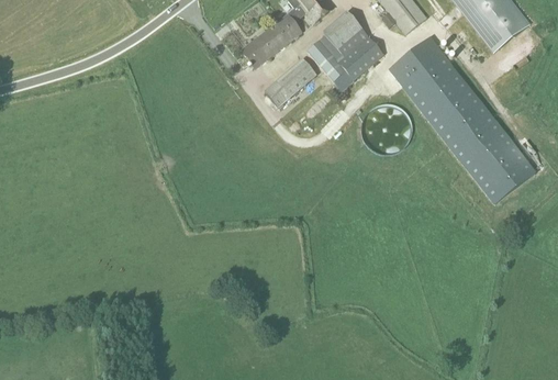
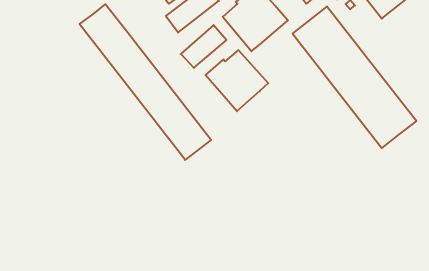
building: none -> [80,4,211,160]
building: none -> [206,50,268,111]

